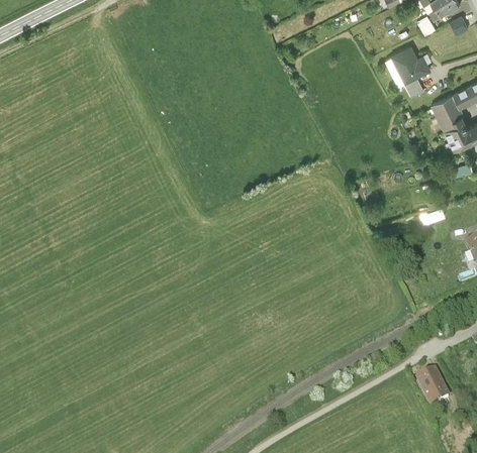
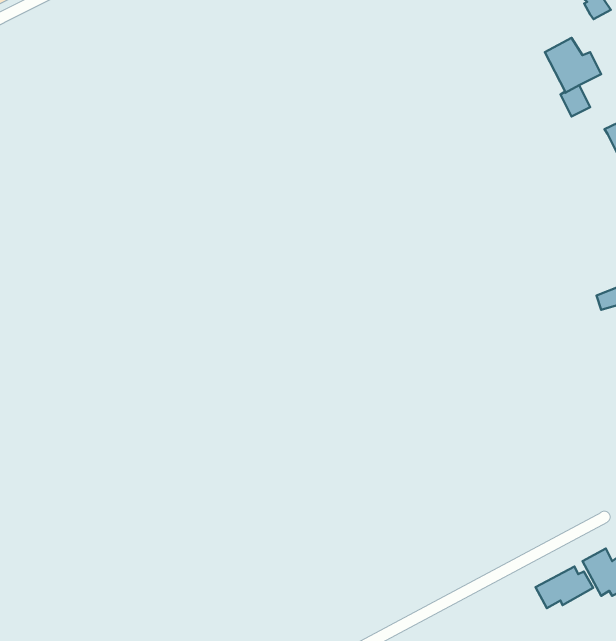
building: none -> [536,567,593,608]

